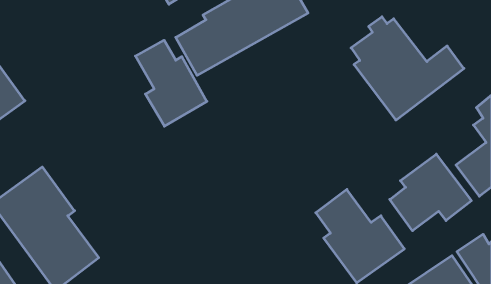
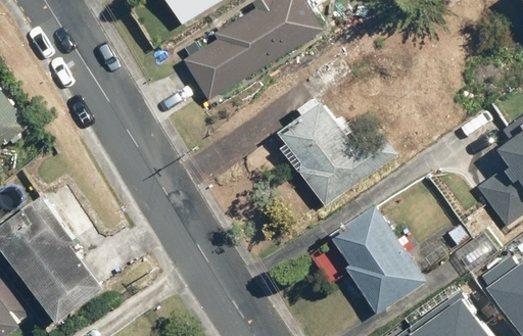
building: [351,17,464,120] -> [277,98,395,206]
building: [135,40,207,126] -> none
building: [390,154,471,231] -> none

